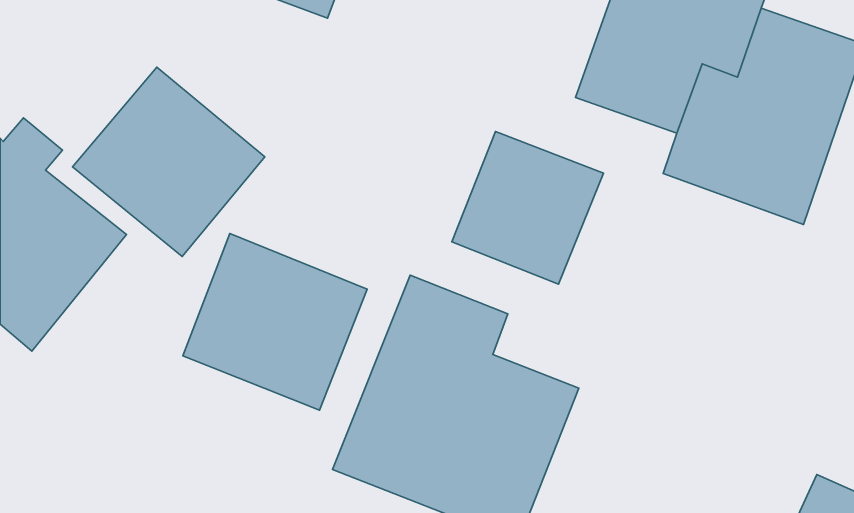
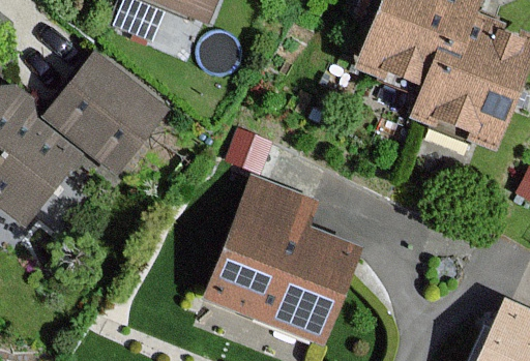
building: [452,132,603,284] -> none
building: [183,233,367,410] -> none

